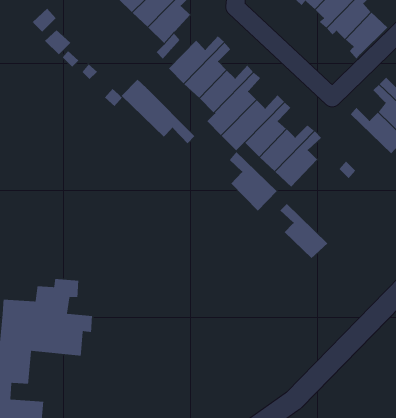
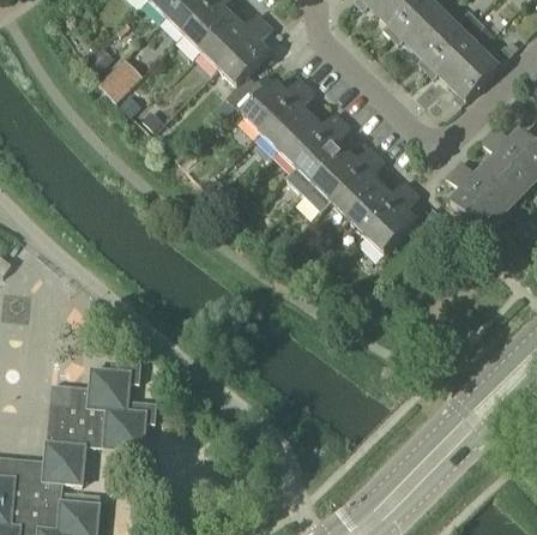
building: [121,79,195,144] -> none
building: [229,151,277,212] -> none
building: [280,203,328,259] -> [445,168,501,233]

